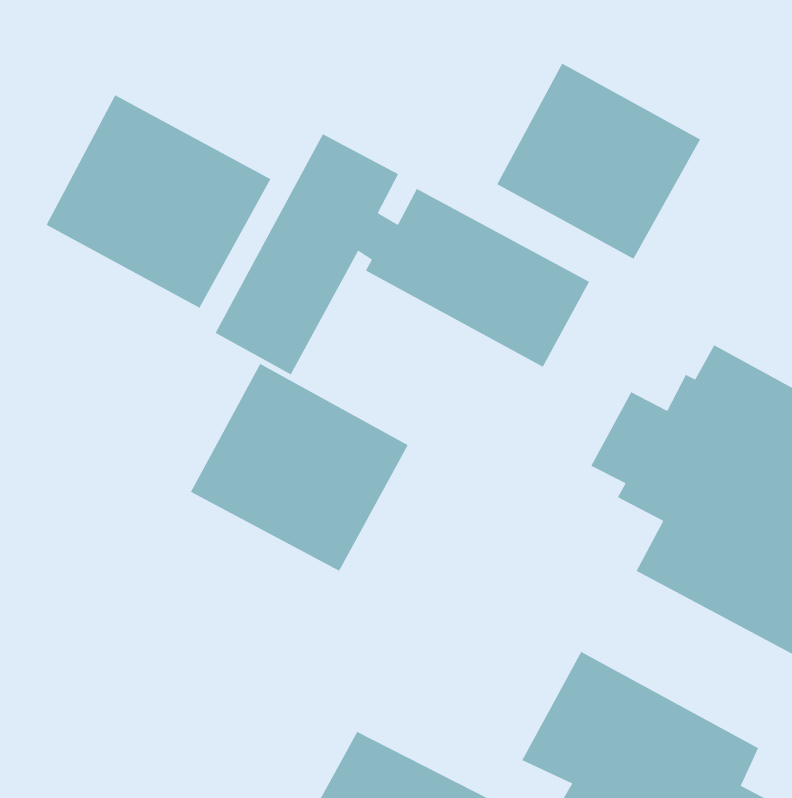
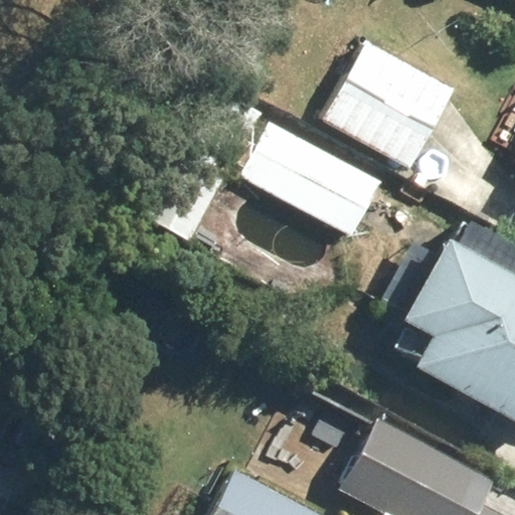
building: [45,94,272,309] -> none
building: [190,363,409,572] -> none

